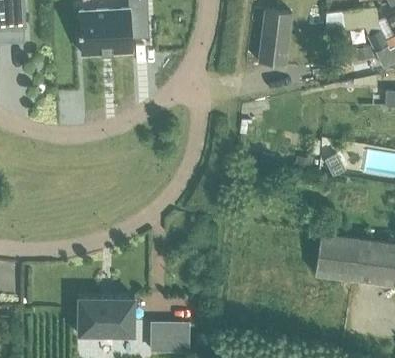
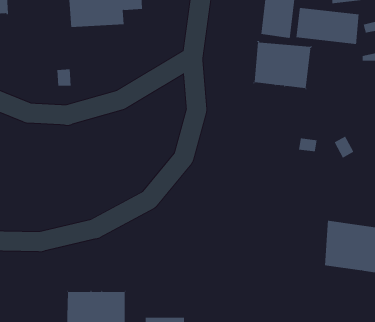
building: none -> [296,7,359,45]
building: none -> [253,40,312,90]

